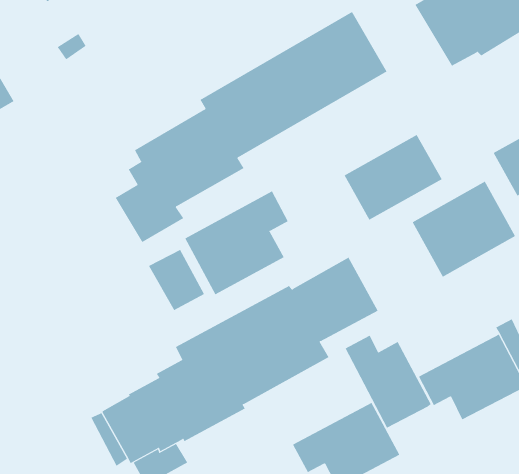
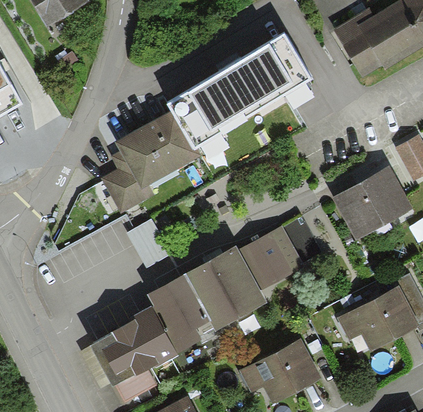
building: [344,134,442,220] -> none
building: [185,191,289,295] -> none
building: [345,335,431,429] -> none

